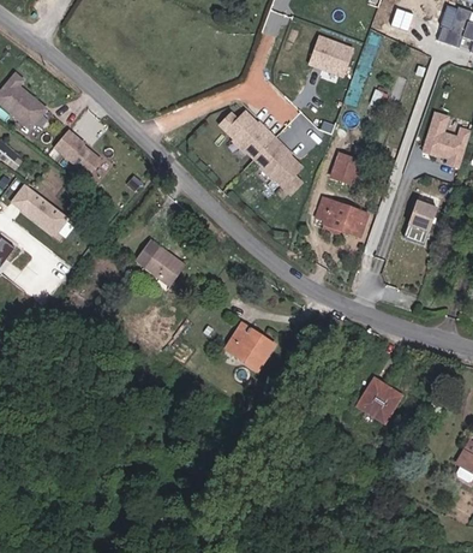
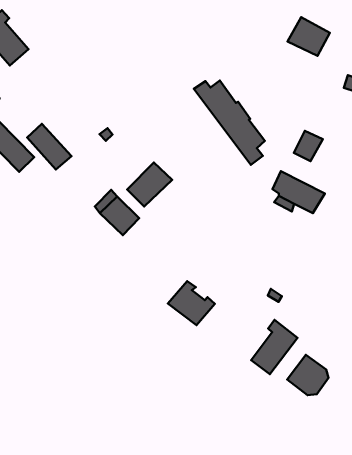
building: [54,129,102,173] -> [27,124,72,169]
building: none -> [127,163,172,206]
building: none -> [251,320,298,374]

